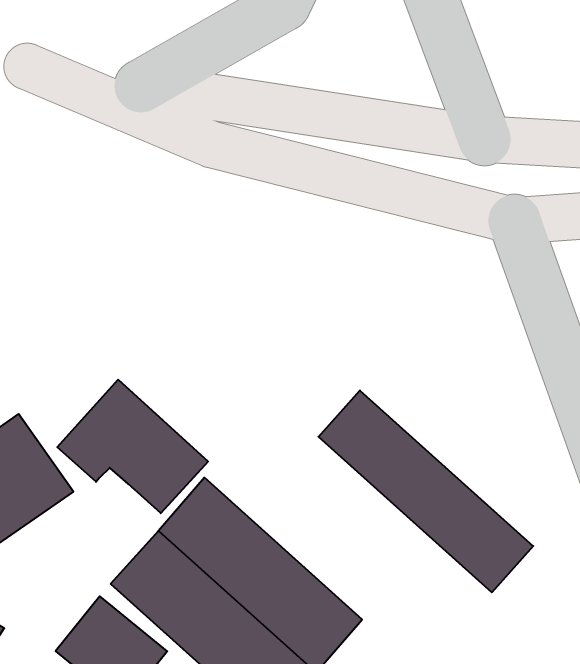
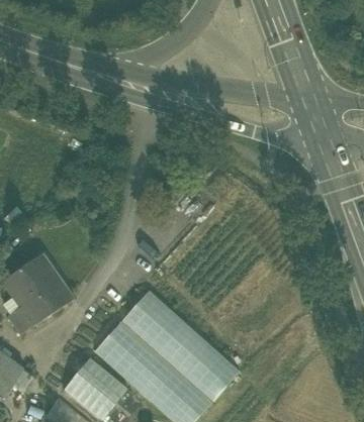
building: [57,380,208,513] -> none
building: [318,390,533,592] -> none

